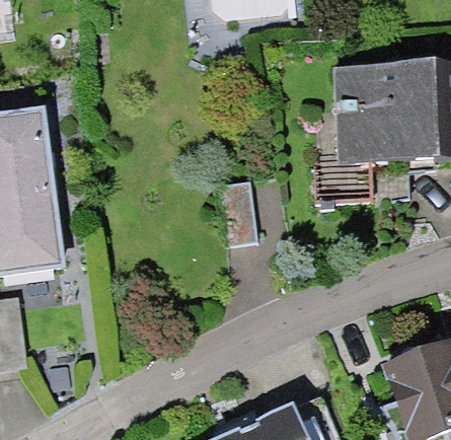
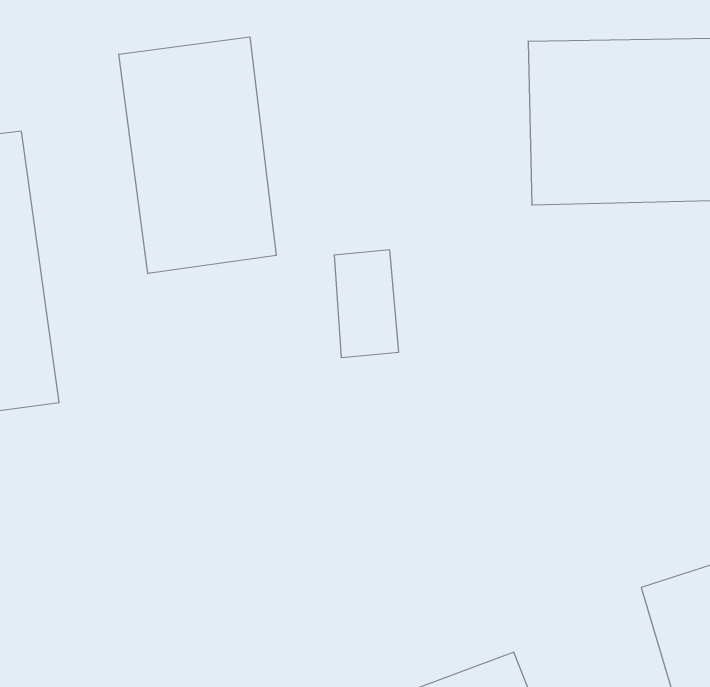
building: none -> [119,37,276,274]

